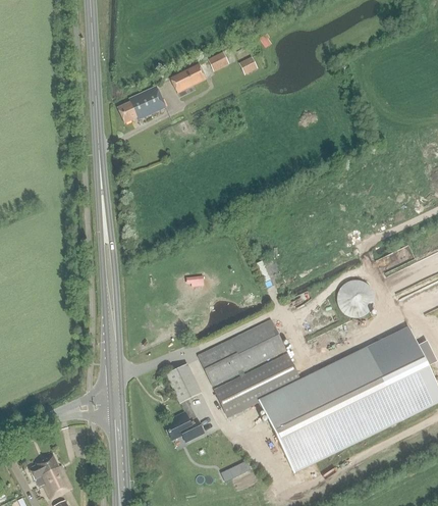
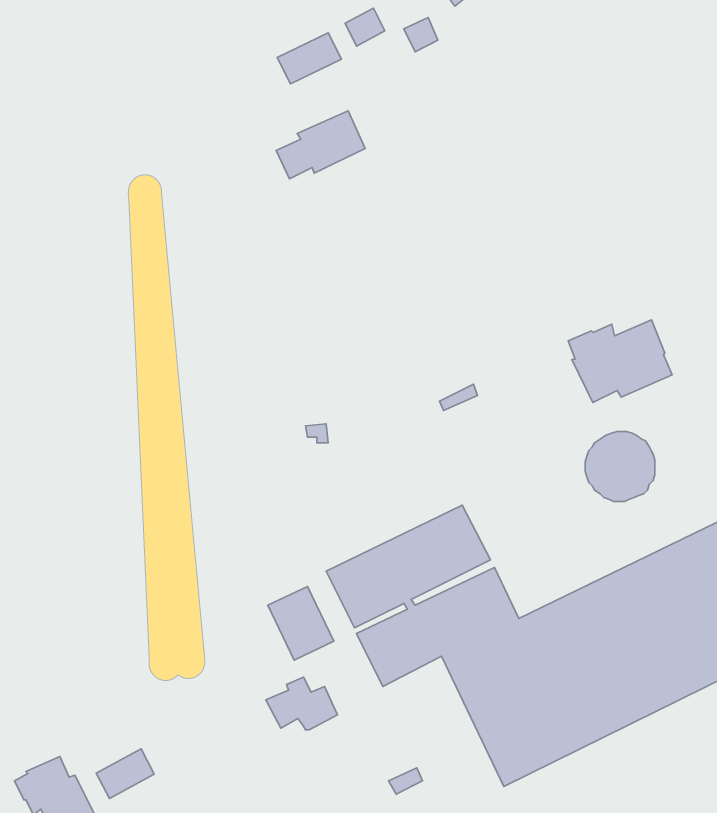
building: [118,86,166,122] -> [276,111,365,179]
building: none -> [568,320,672,402]
building: none -> [96,749,154,798]

